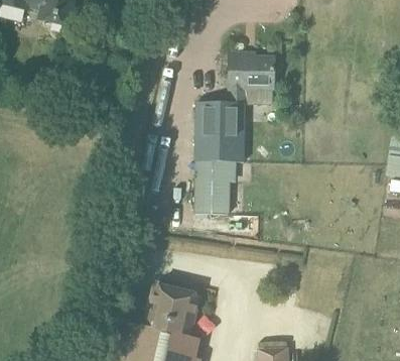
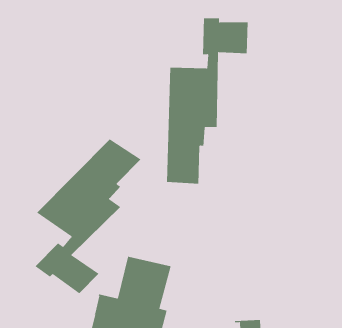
building: none -> [35,138,142,294]

